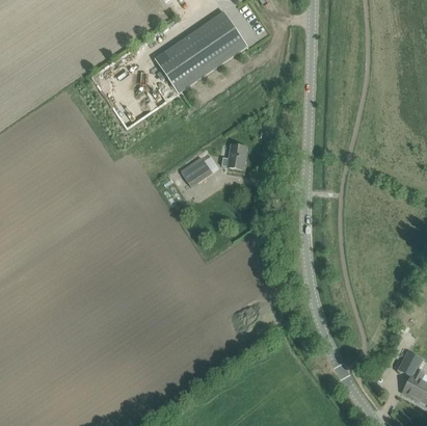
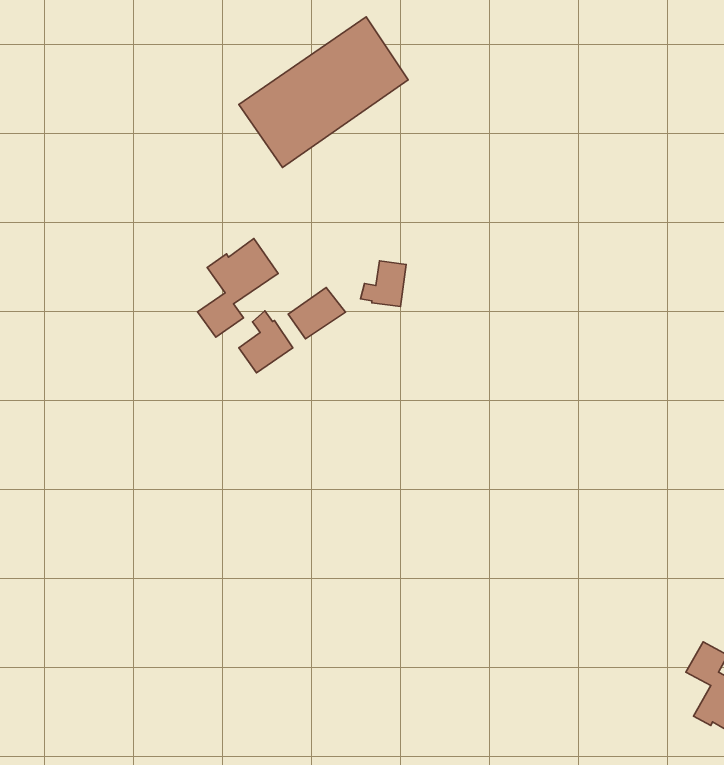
building: none -> [198,239,278,337]
building: none -> [239,311,293,373]

